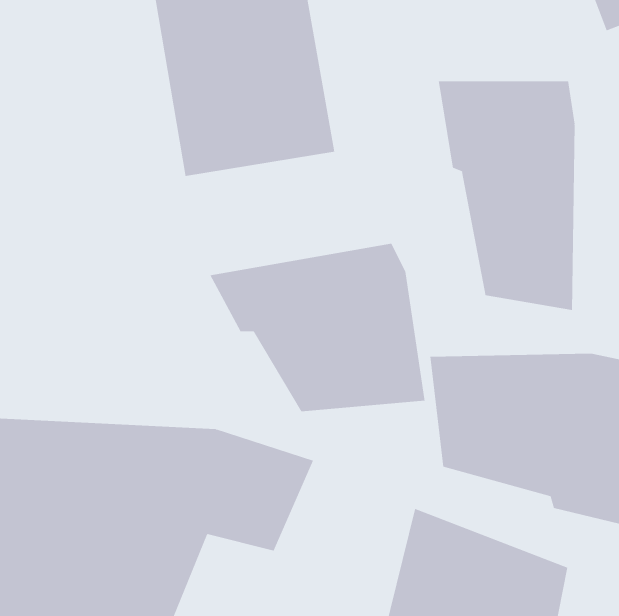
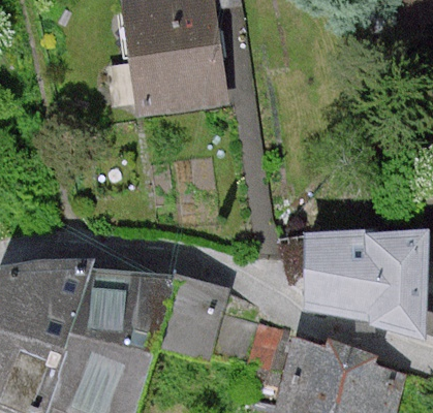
building: [438,80,575,311] -> none
building: [209,243,425,412] -> none

